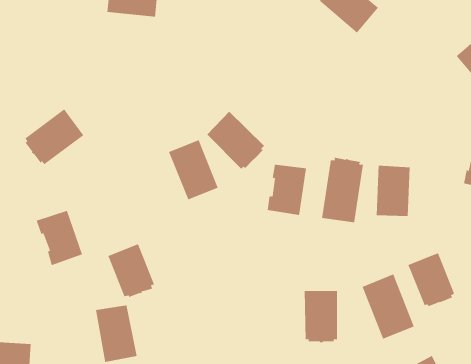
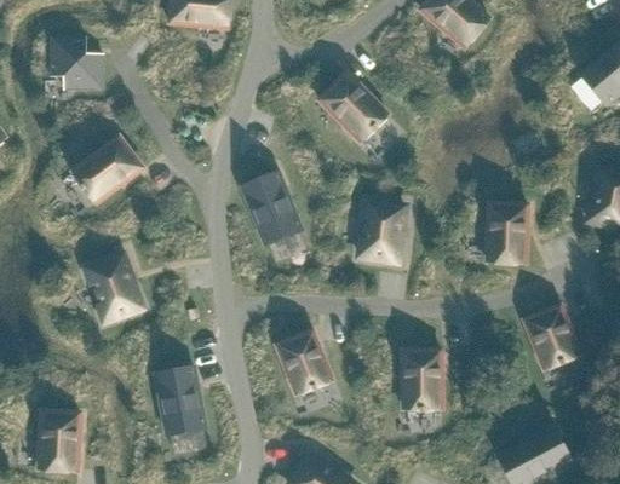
building: none -> [52,38,103,90]
building: [206,111,265,170] -> [320,73,389,142]
building: [321,157,363,223] -> none
building: [108,244,155,298] -> [276,332,332,396]
building: [362,274,415,340] -> none

